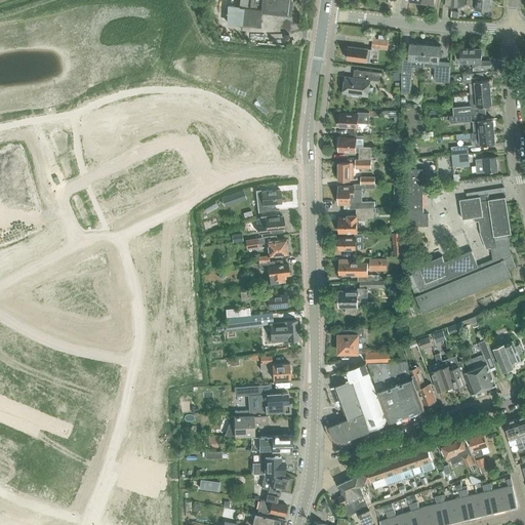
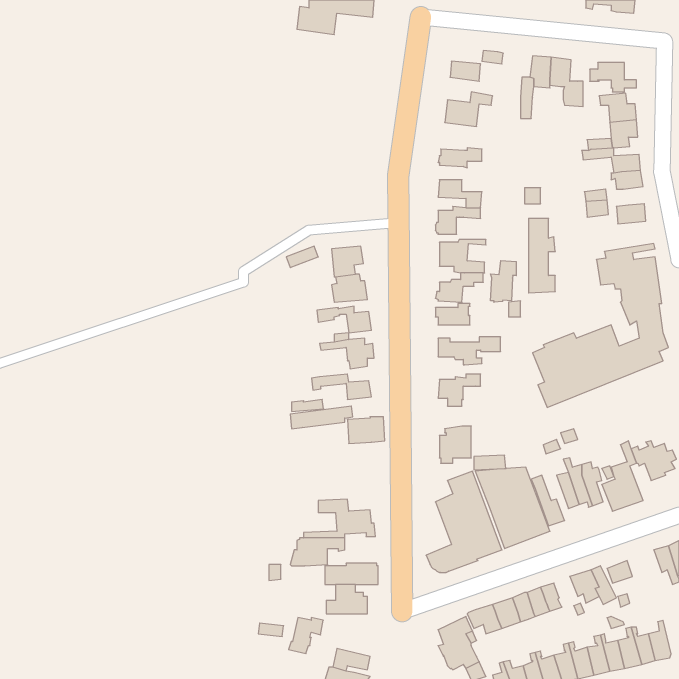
building: none -> [491,261,516,302]
building: [258,357,289,379] -> none
building: [262,476,289,503] -> [289,618,323,654]

